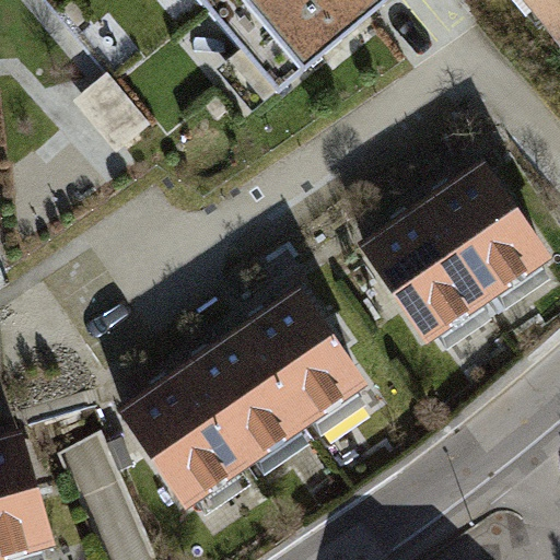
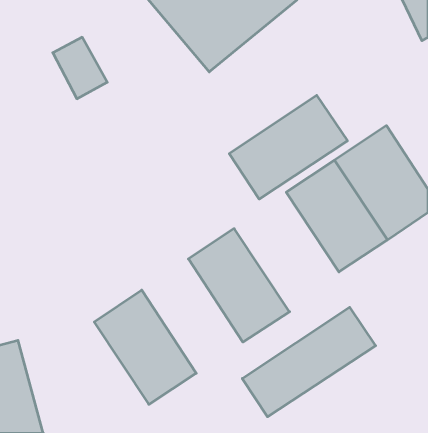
building: none -> [229,95,347,199]
building: [179,327,307,471] -> none
building: none -> [242,307,376,417]

